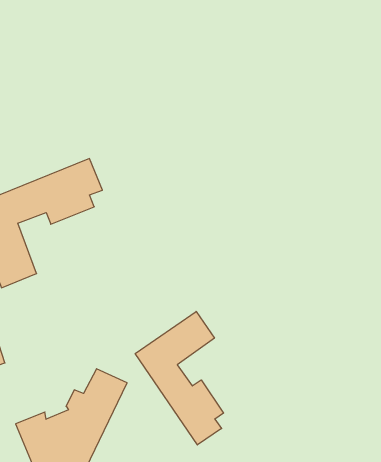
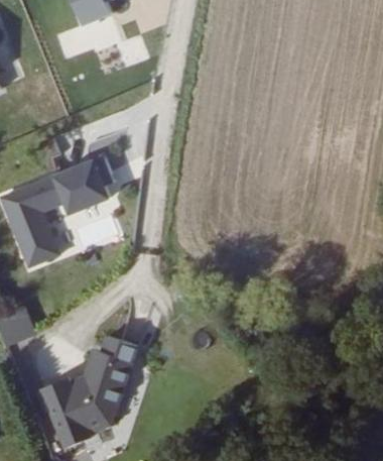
building: [135,311,224,445] -> none

